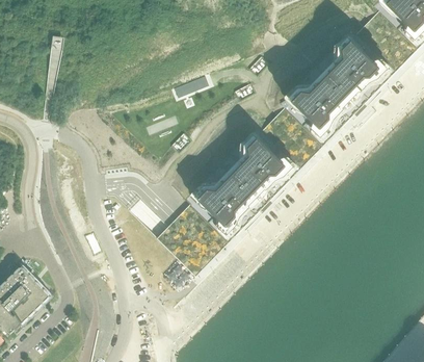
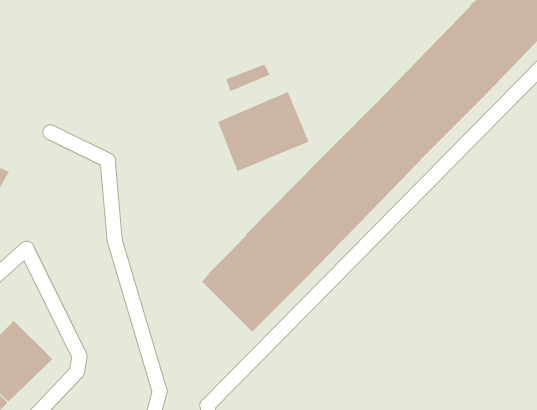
building: none -> [218,91,309,172]

